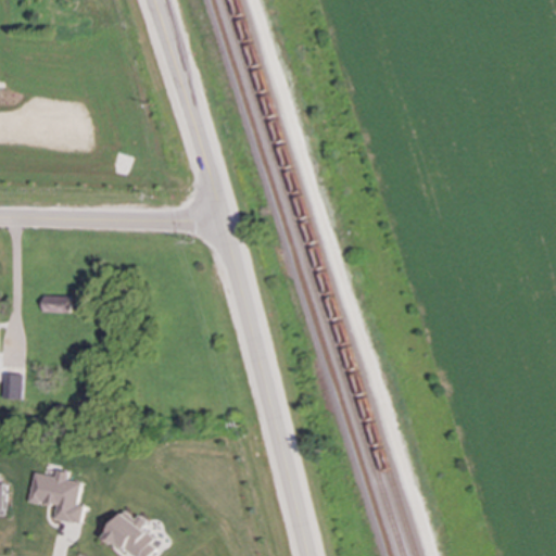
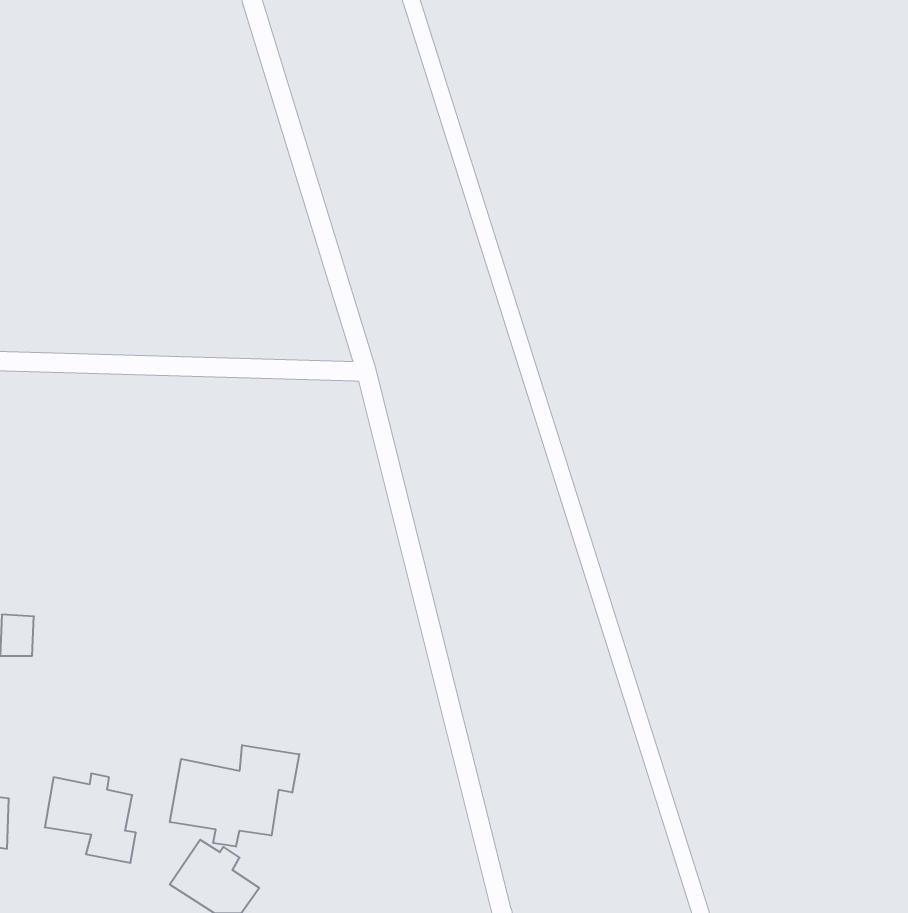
building: [40,295,68,313] -> none
building: none -> [170,745,299,847]

